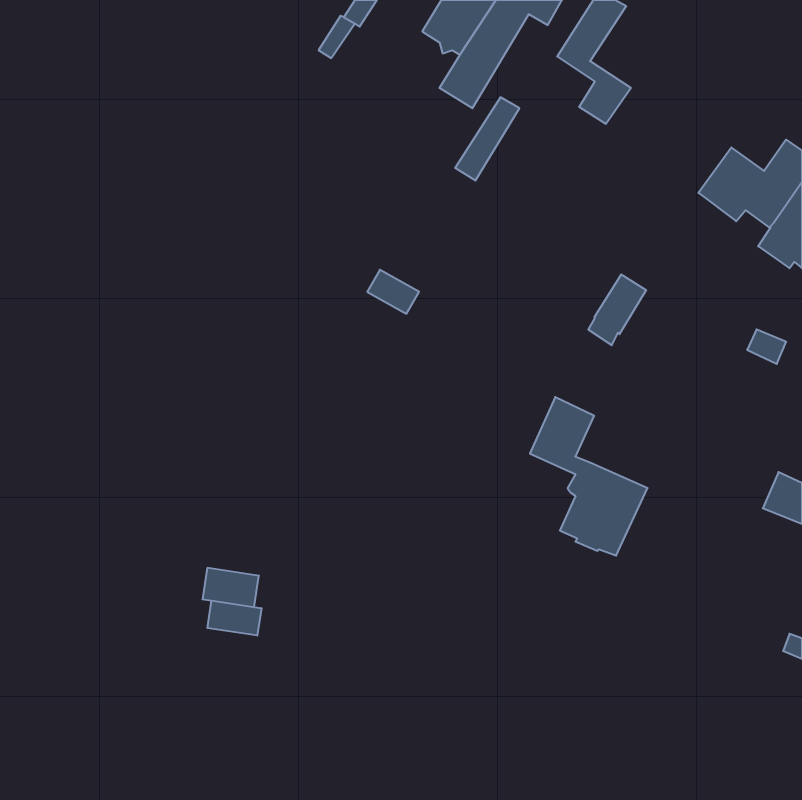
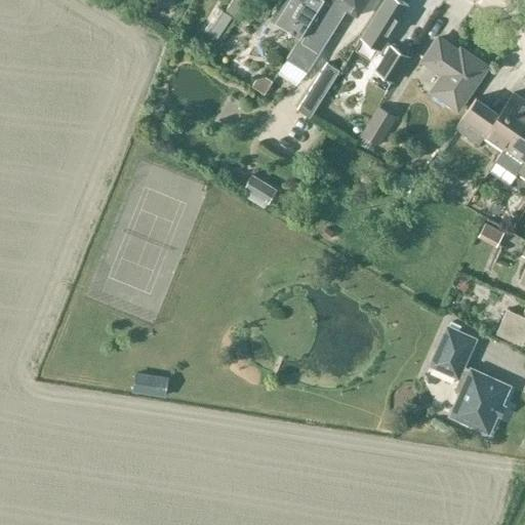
building: none -> [423,38,489,110]
building: [588,275,646,345] -> [358,107,396,153]
building: [530,397,648,556] -> [433,327,510,431]
building: [207,601,261,636] -> none

